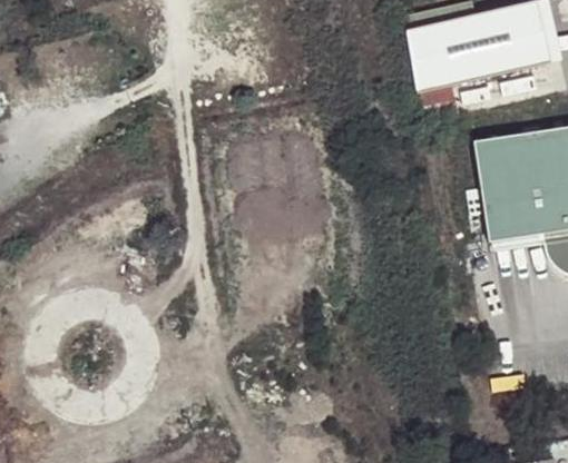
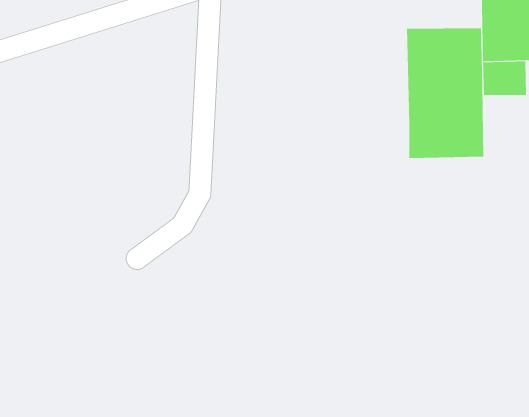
building: none -> [406,28,484,159]

